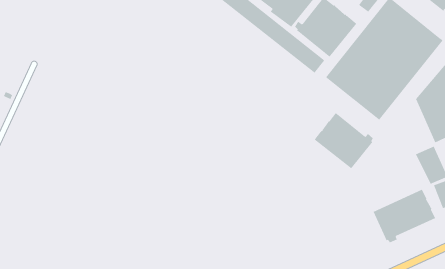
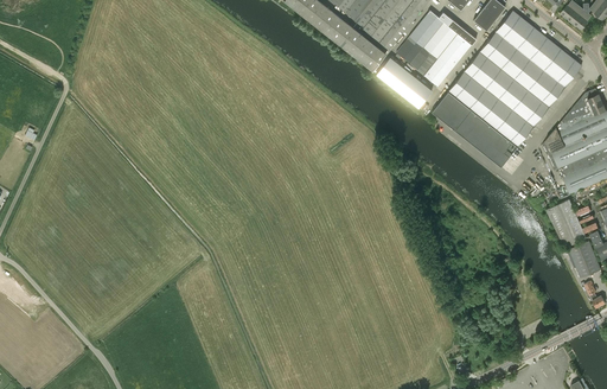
building: [314,112,373,169] -> none
building: [373,189,436,243] -> none

